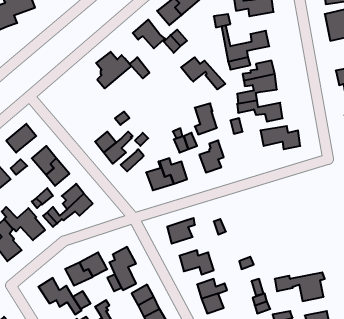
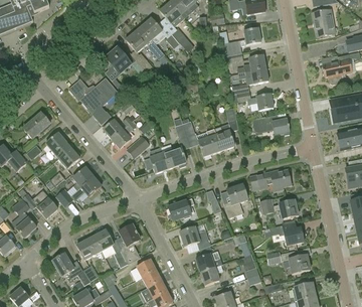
building: [181,57,225,89] -> [125,30,165,59]
building: none -> [67,78,118,125]
building: [195,103,217,134] -> [214,124,234,152]
building: none -> [249,170,291,191]
building: none -> [224,184,247,217]
building: none -> [259,198,298,219]
building: none -> [264,222,303,246]

